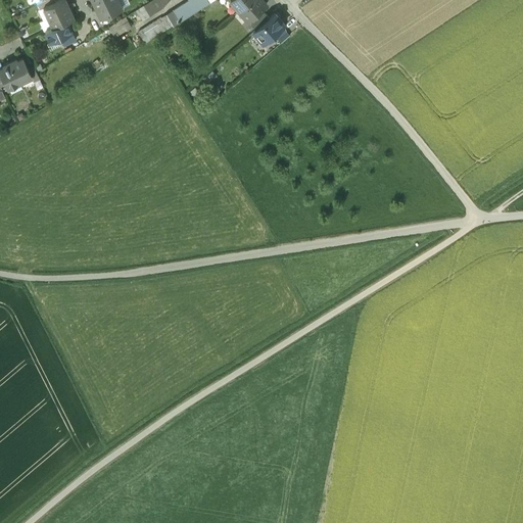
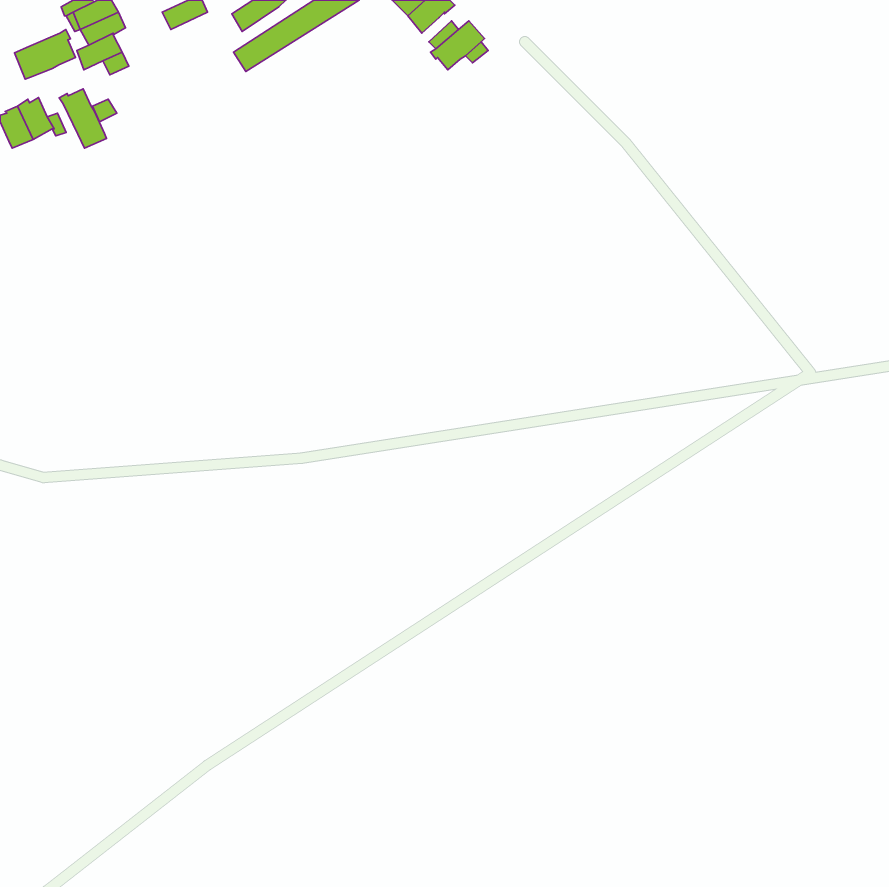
building: none -> [15,30,76,79]
building: none -> [59,89,107,148]

